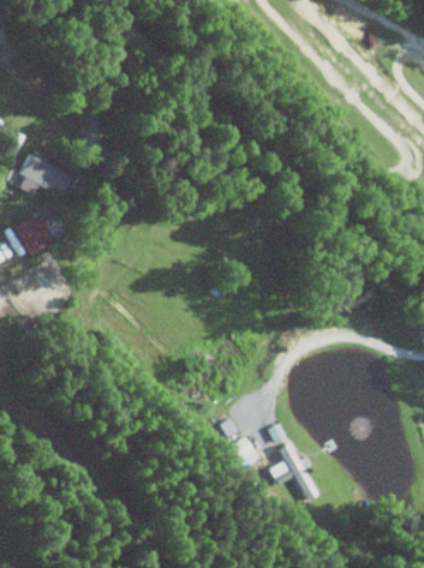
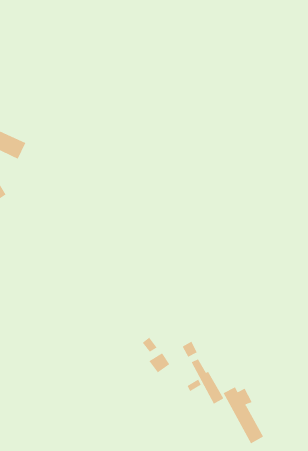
building: none -> [223,386,264,444]

